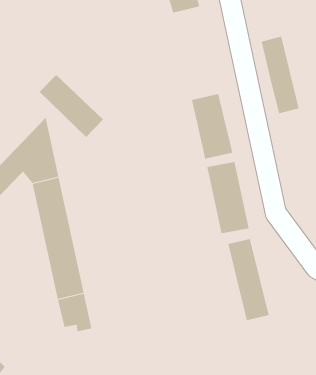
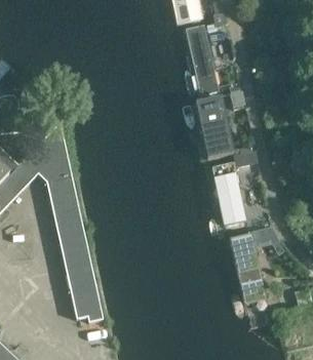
building: [261,36,299,114] -> [184,19,220,92]
building: [39,74,104,138] -> none

